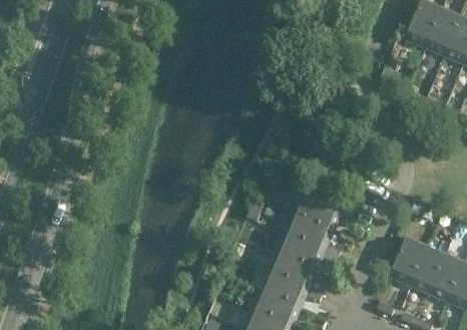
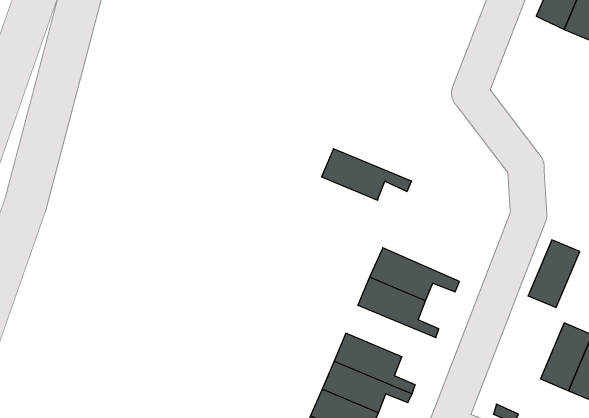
building: [277,233,338,268] -> [322,149,412,200]
building: [390,237,425,283] -> [528,240,580,308]

